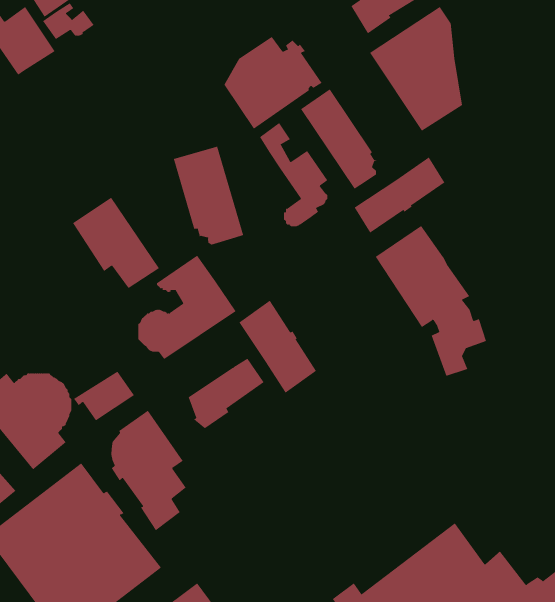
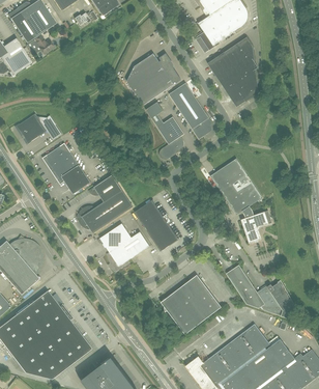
building: none -> [15,113,61,143]
building: [173,146,244,245] -> none
building: [354,157,445,234] -> none
building: [73,371,135,421] -> [96,223,130,251]
building: [111,410,187,531] -> none
building: none -> [225,265,295,319]
building: none -> [160,274,221,333]

